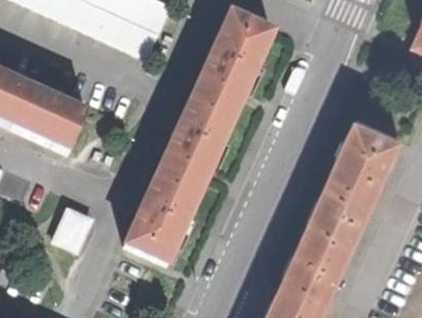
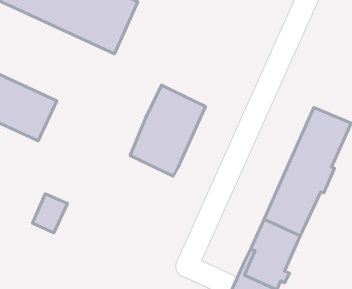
building: [195,11,277,115] -> none
building: [125,167,207,266] -> none

